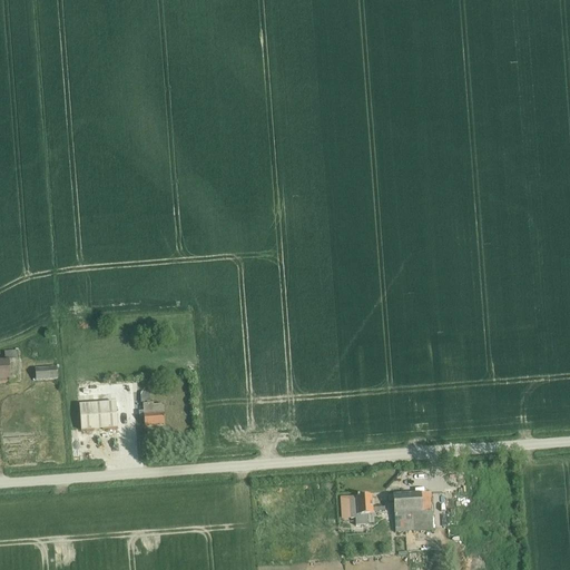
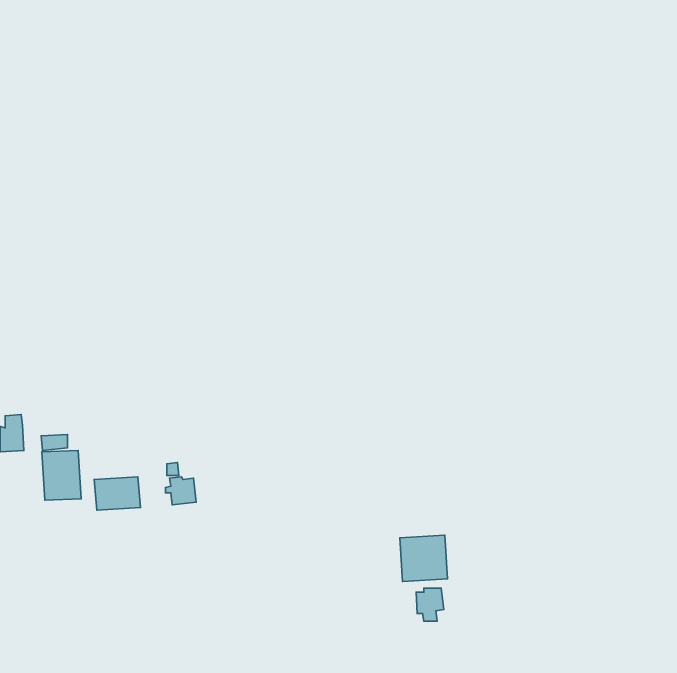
building: none -> [42,451,81,500]
building: [393,491,433,530] -> [400,535,448,581]

